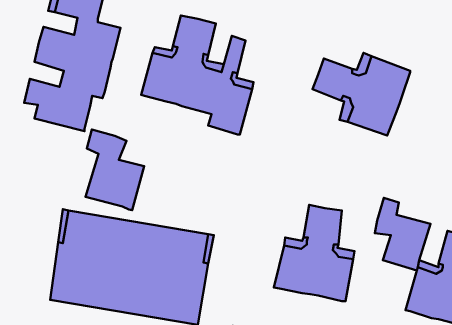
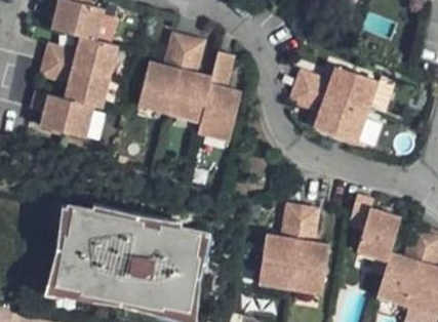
building: [86,130,144,210] -> none

